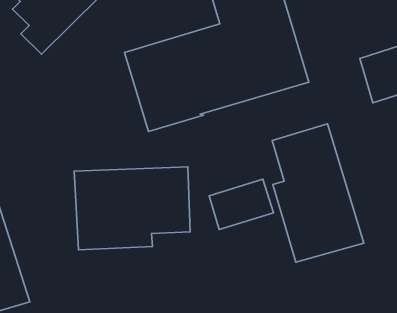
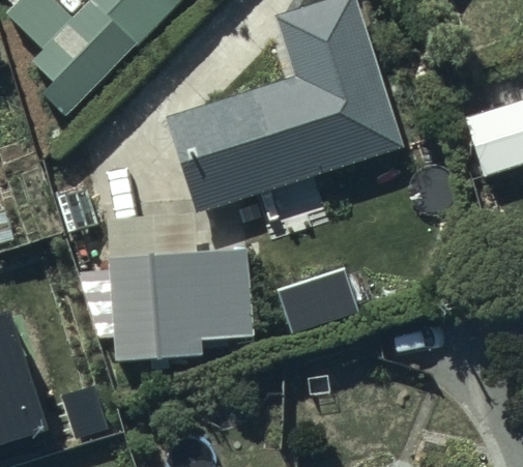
building: [272,124,364,262] -> none

